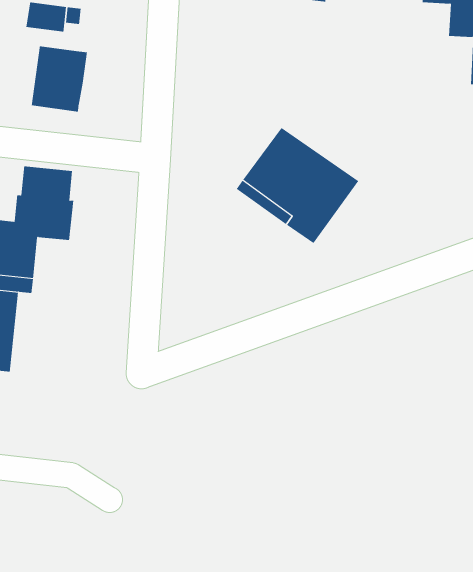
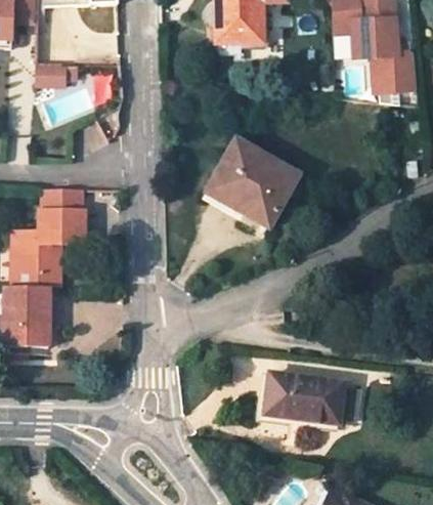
building: [31,45,88,112] -> none
building: none -> [265,376,359,423]

